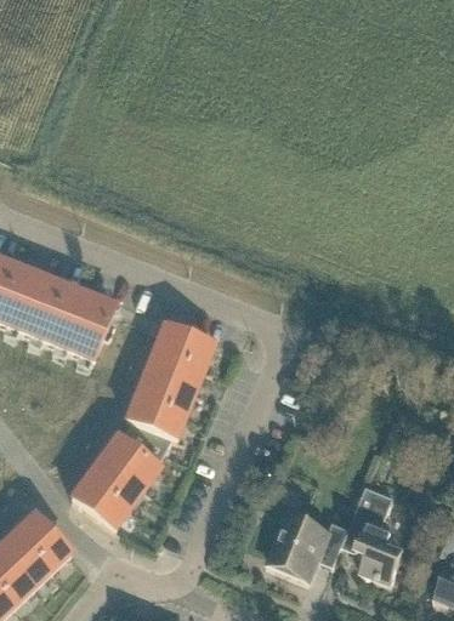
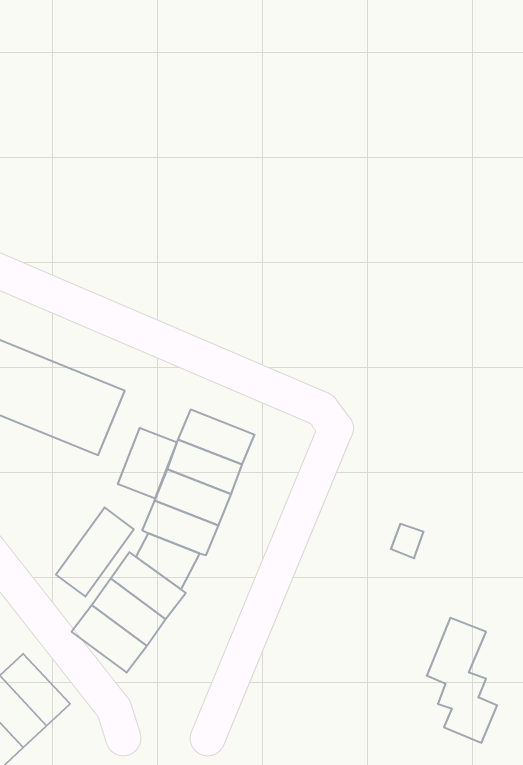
building: none -> [118,428,177,499]
building: none -> [56,507,134,597]
building: [268,517,347,575] -> none

